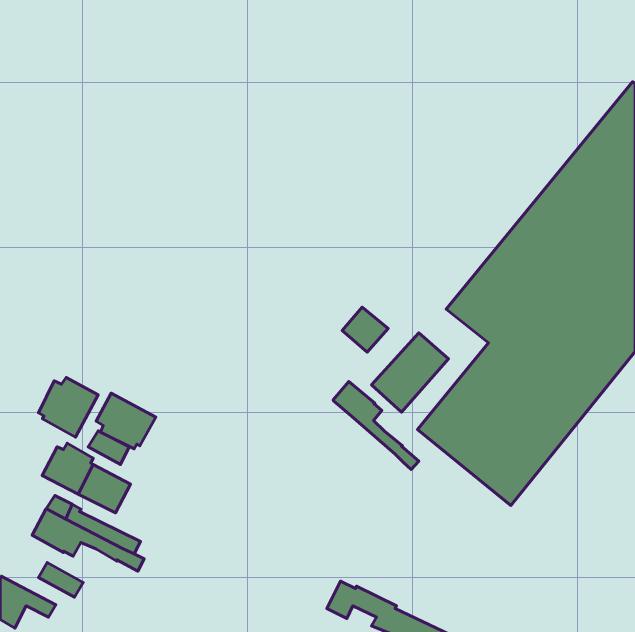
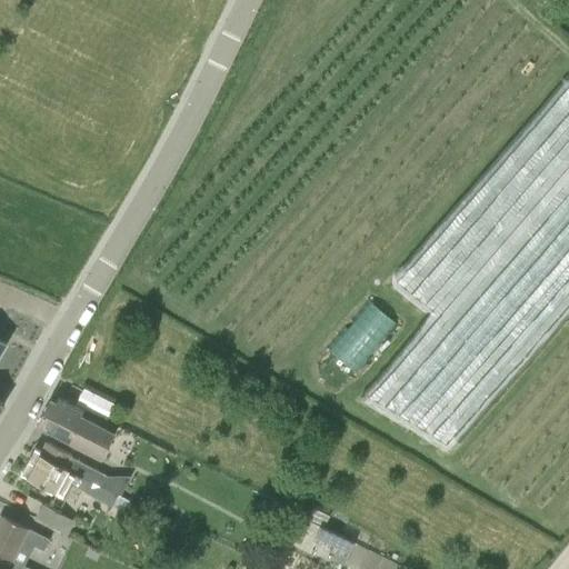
building: [342,307,388,352] -> none
building: [38,378,98,437] -> none
building: [333,382,419,469] -> none
building: [96,393,156,449] -> none

